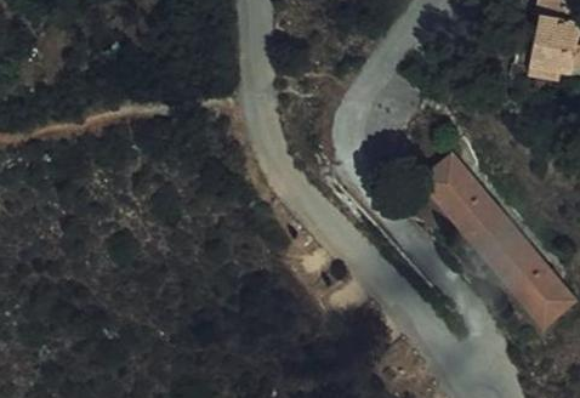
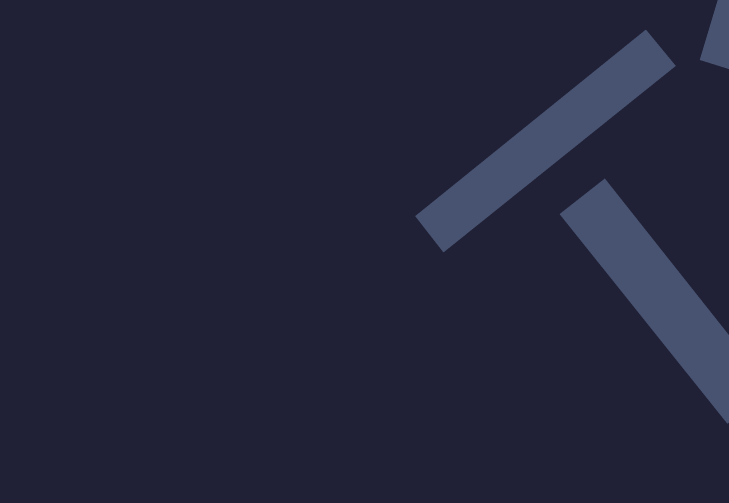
building: none -> [414,28,677,253]

